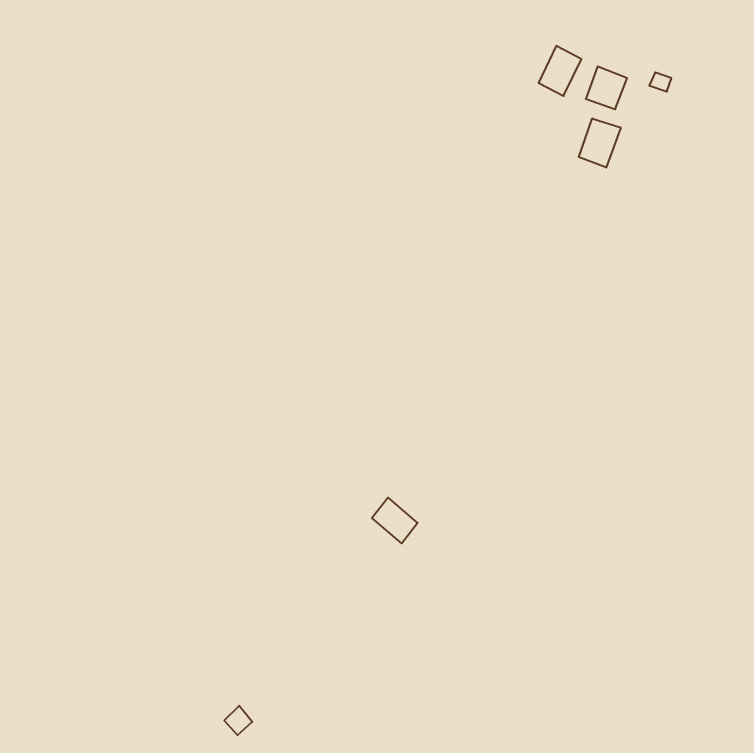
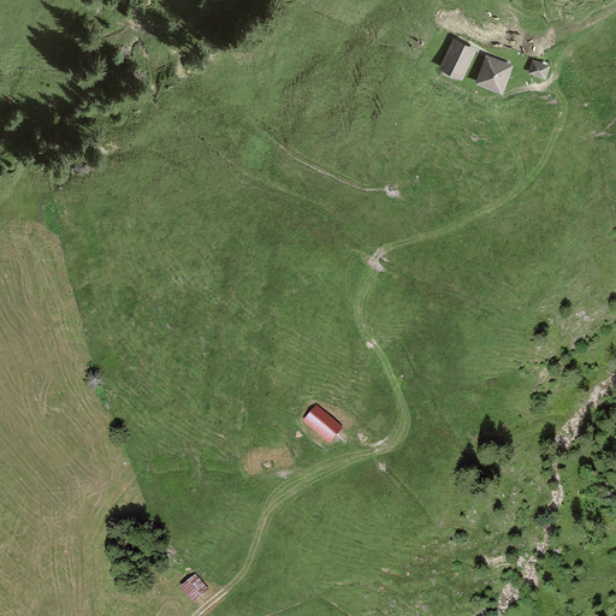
building: [579,118,621,168] -> none

